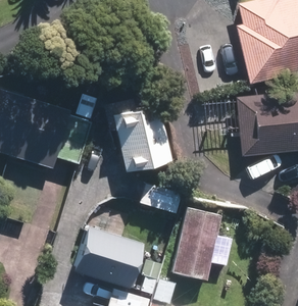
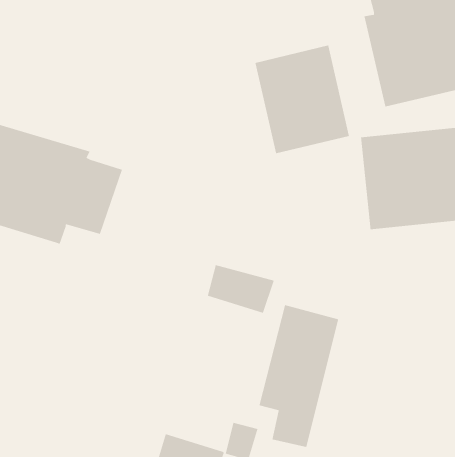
building: [114,101,175,170] -> [255,45,350,154]
building: [71,225,143,289] -> none

